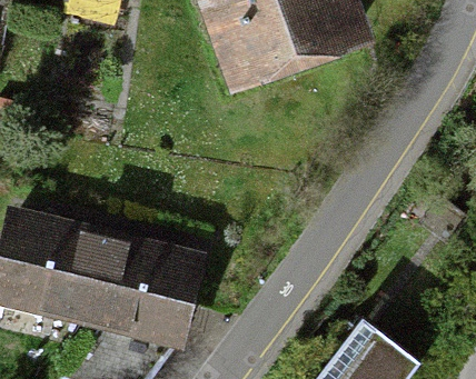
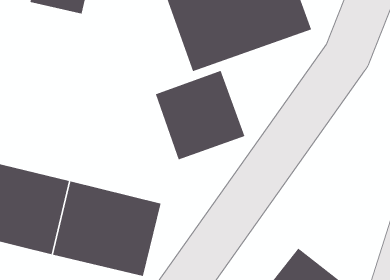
building: none -> [155,70,246,161]

